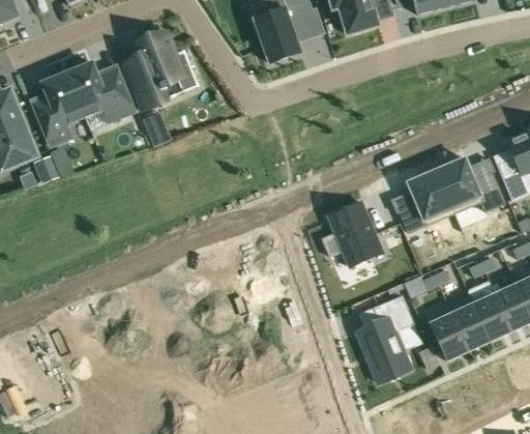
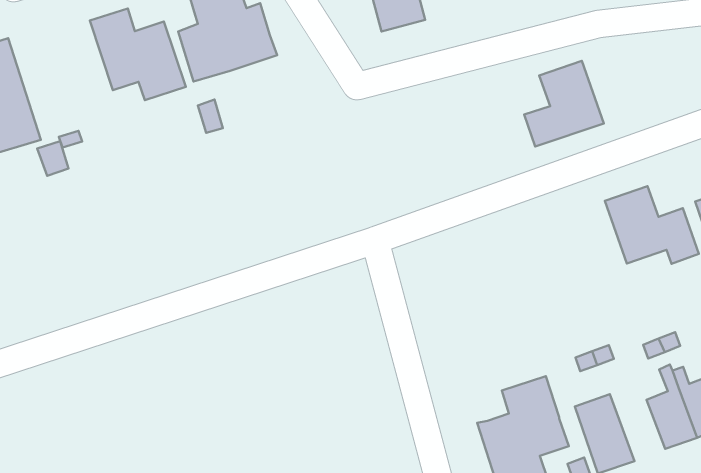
building: [30,69,85,147] -> none
building: [396,169,452,231] -> [524,61,604,147]
building: [321,201,382,266] -> none
building: [447,294,489,349] -> none

